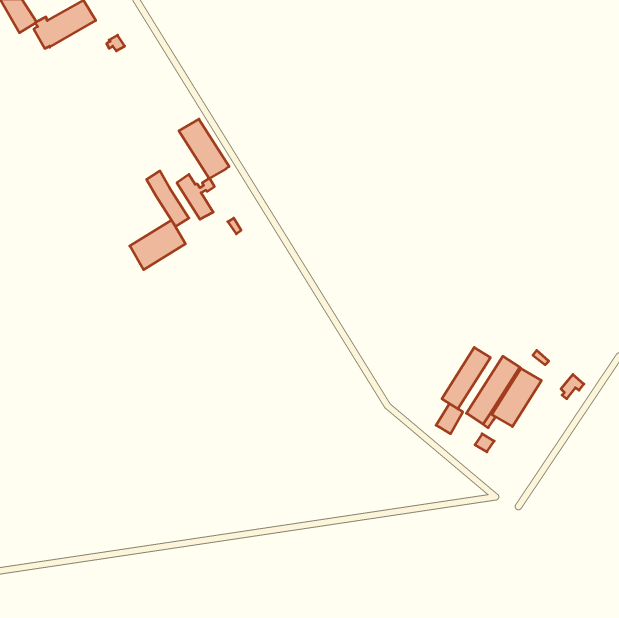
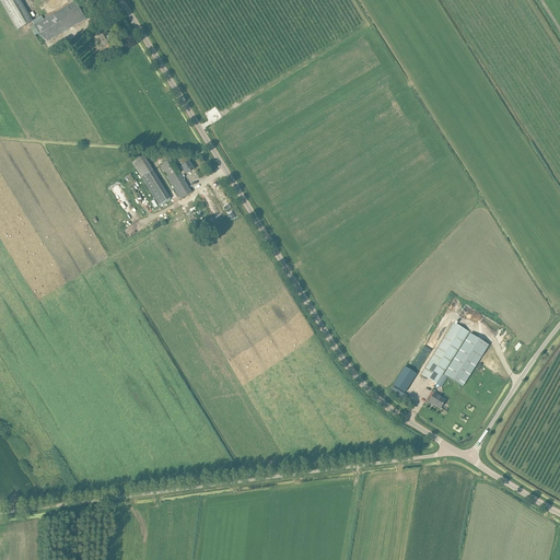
building: [179,119,229,178] -> none
building: [130,220,185,270] -> none
building: [442,347,490,409] -> none

